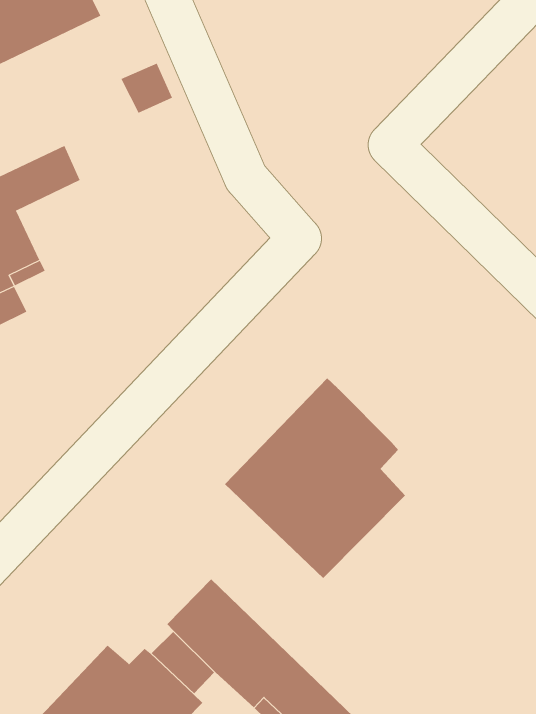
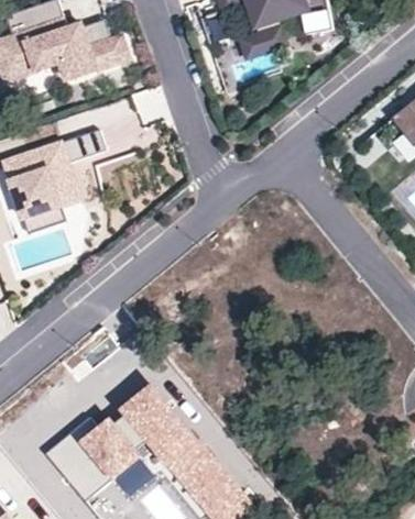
building: [224,377,406,579] -> none

